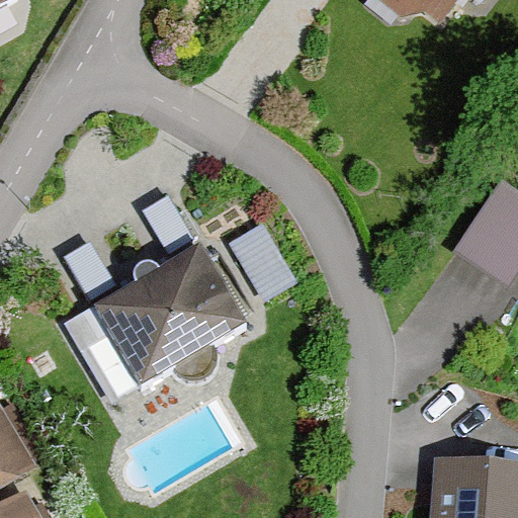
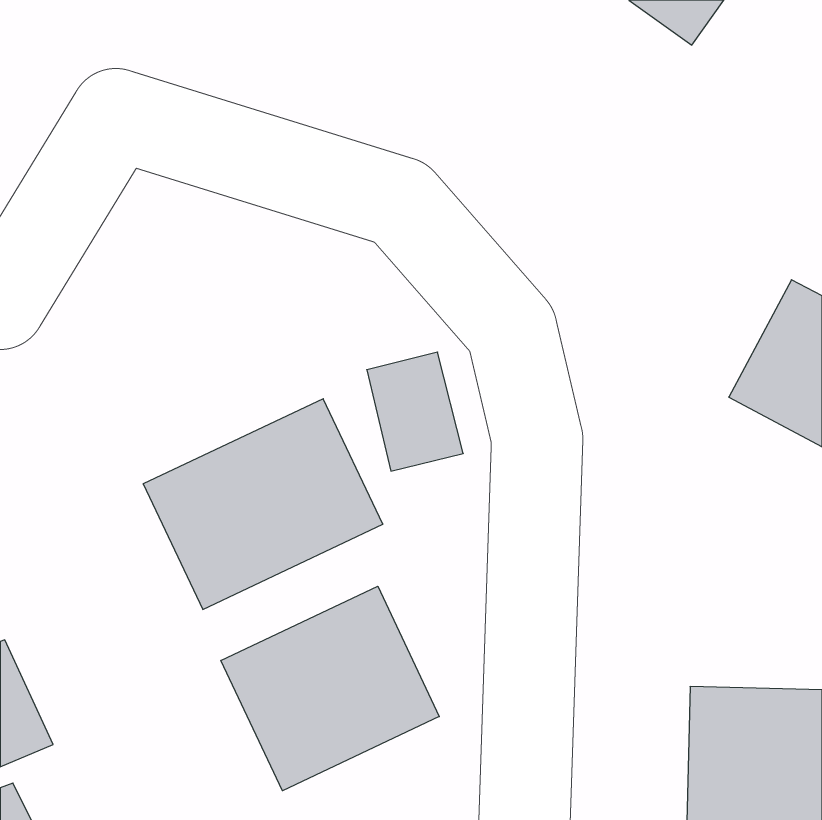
building: none -> [221,586,439,791]

